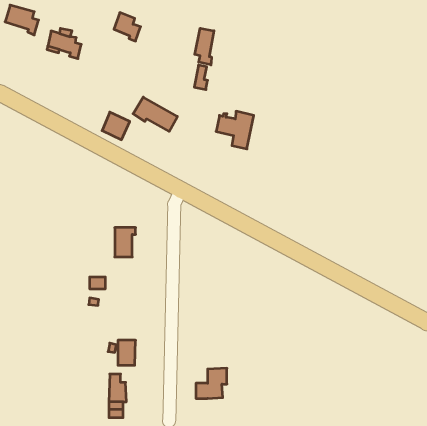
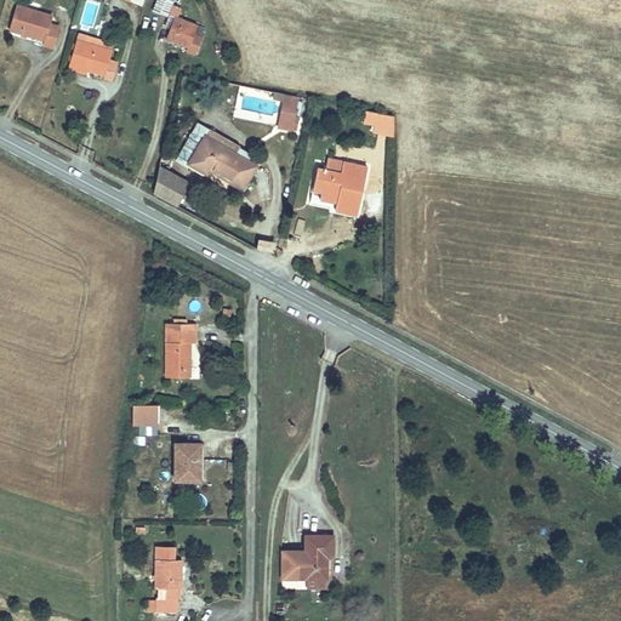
building: [195,28,214,65] -> none
building: none -> [361,110,393,138]
building: [118,340,136,365] -> [173,439,199,475]

